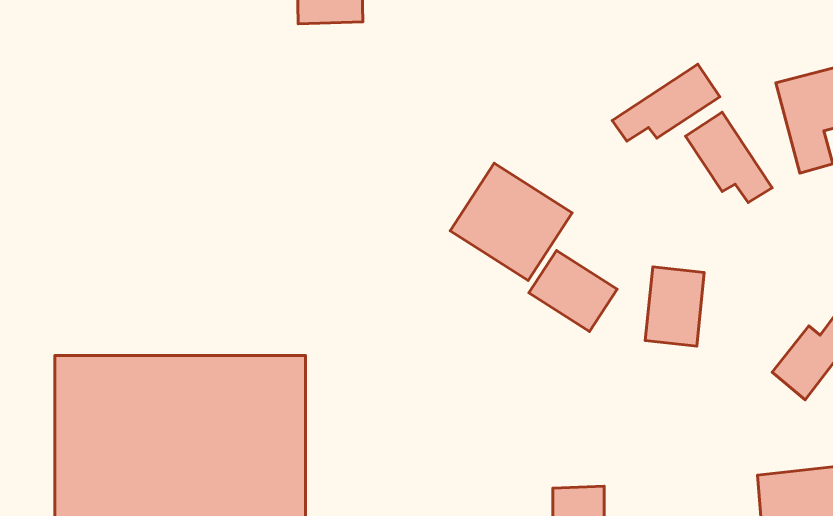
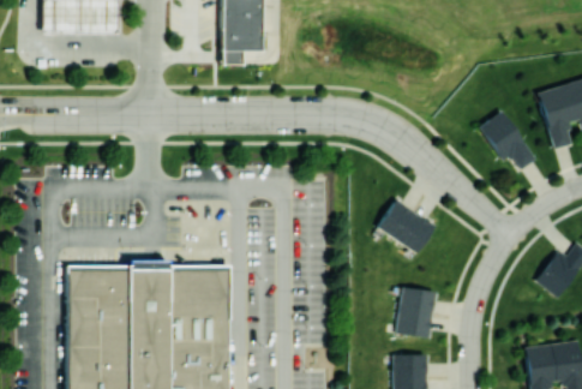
building: [612,64,720,141] -> none
building: [450,163,572,281] -> none
building: [645,267,704,346] -> [396,287,434,339]

